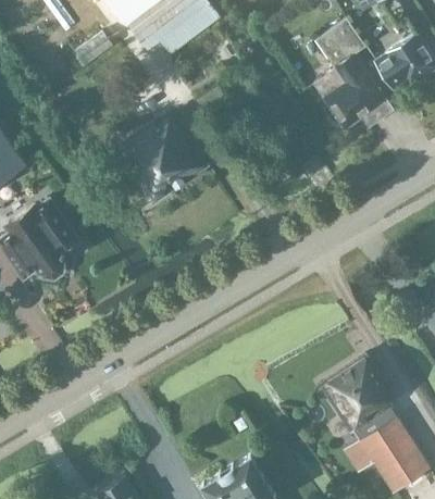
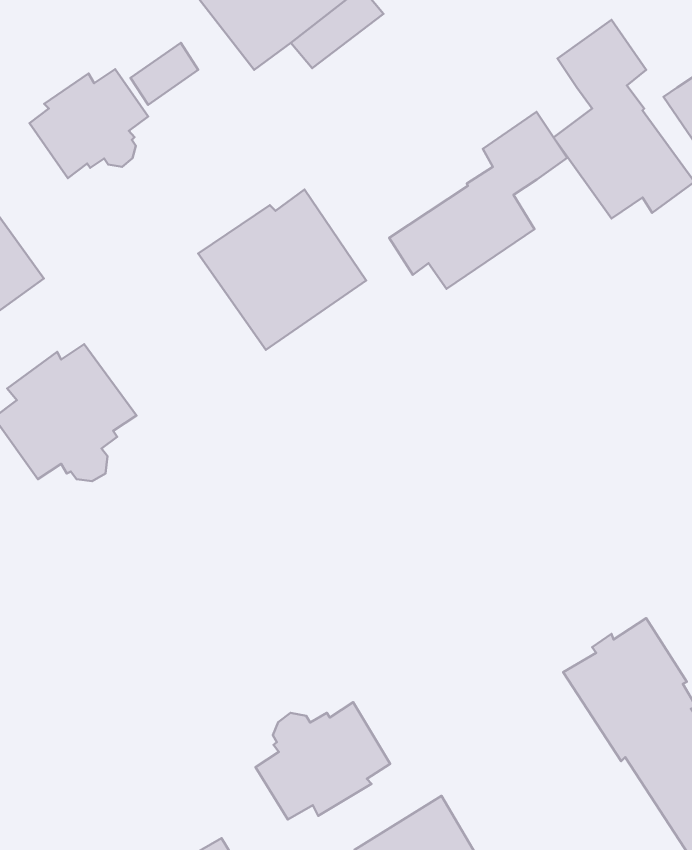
building: none -> [30,69,148,178]
building: none -> [389,112,567,289]
building: none -> [256,702,390,820]

